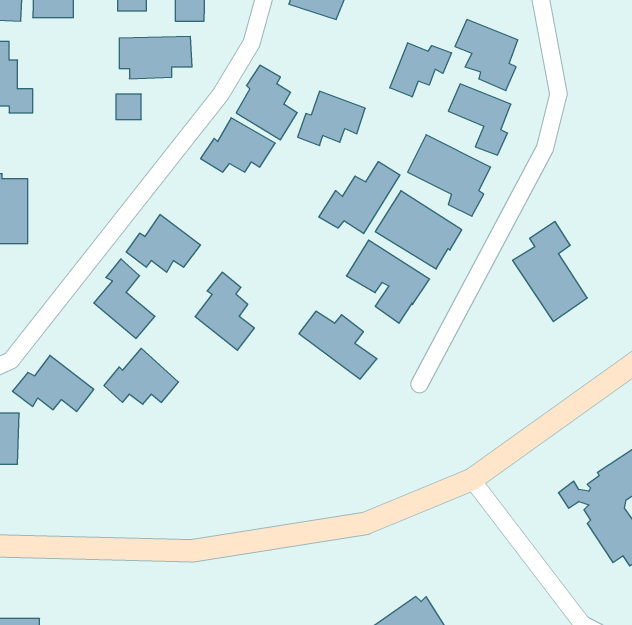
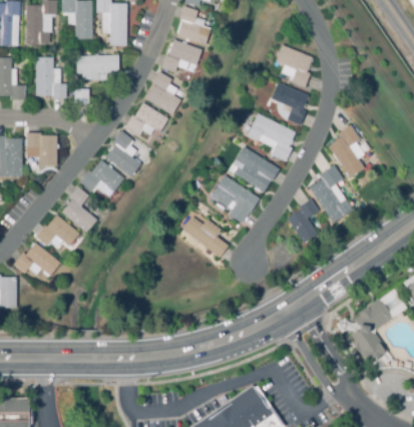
building: none -> [36,58,67,99]
building: [390,43,451,97] -> none
building: [298,91,365,146] -> [161,40,201,72]
building: none -> [328,124,365,178]
building: [319,162,400,234] -> none
building: none -> [26,132,58,166]
building: [195,272,254,350] -> [105,131,140,177]
building: none -> [287,198,319,245]
building: [104,348,179,404] -> [35,215,79,248]

